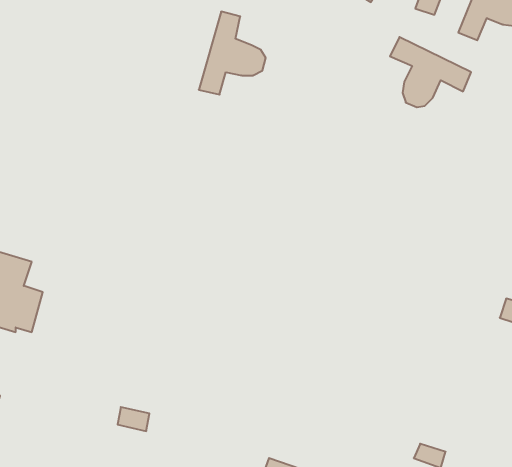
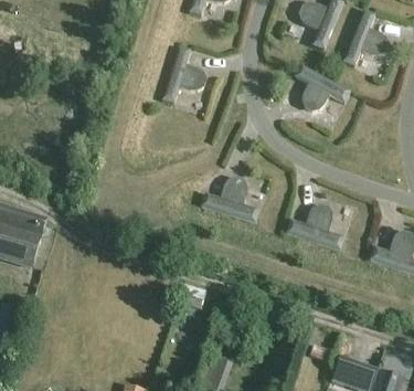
building: none -> [201,176,259,222]
building: none -> [286,203,344,250]

